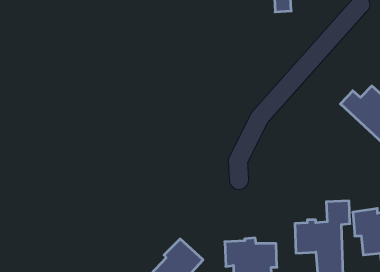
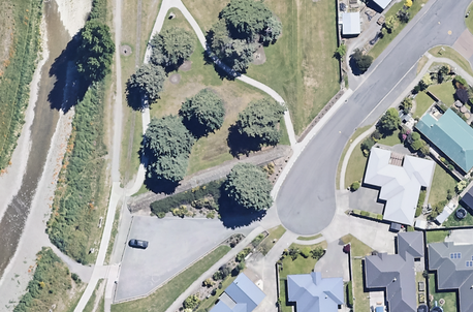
building: none -> [364,148,435,224]

